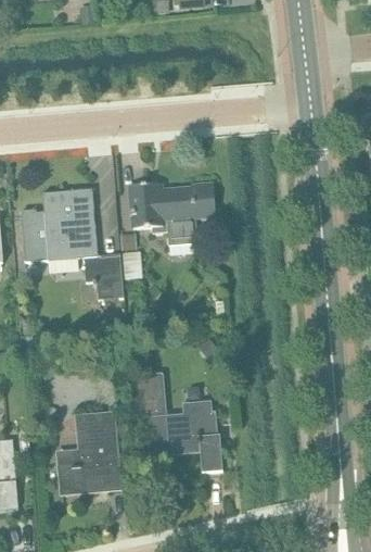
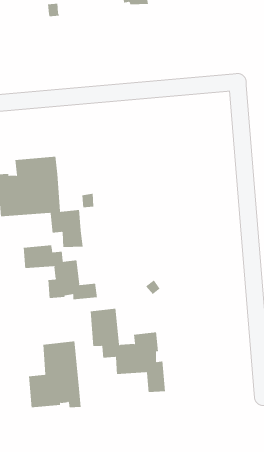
building: [129,184,213,244] -> none
building: none -> [23,244,98,300]

